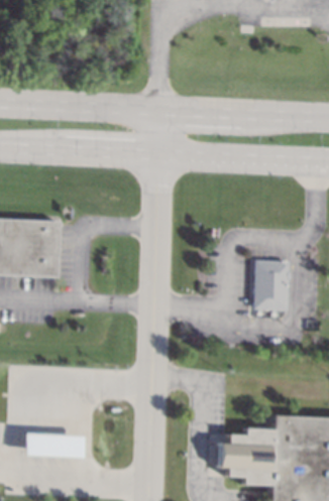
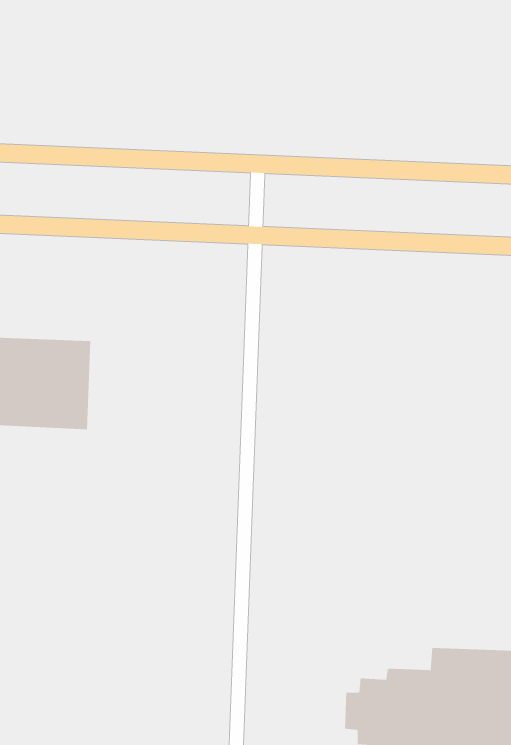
building: [255,259,294,310] -> none
building: [23,434,81,458] -> none

